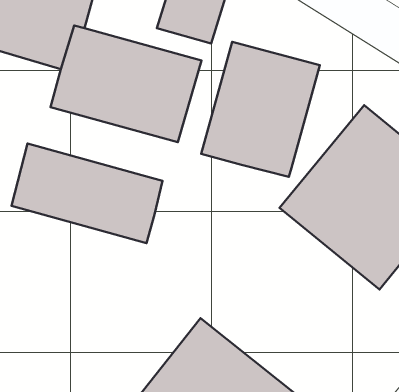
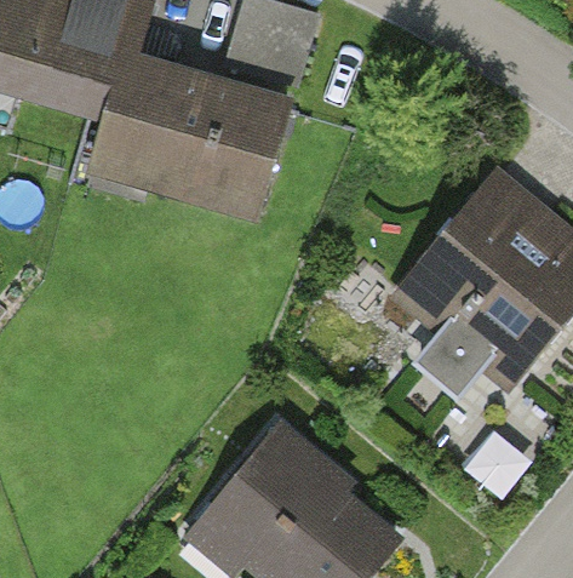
building: [201,42,320,177] -> none
building: [12,144,162,243] -> none

